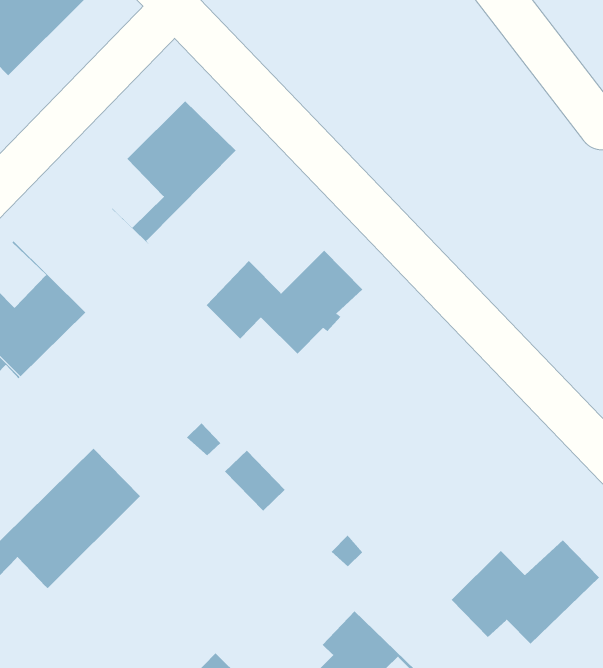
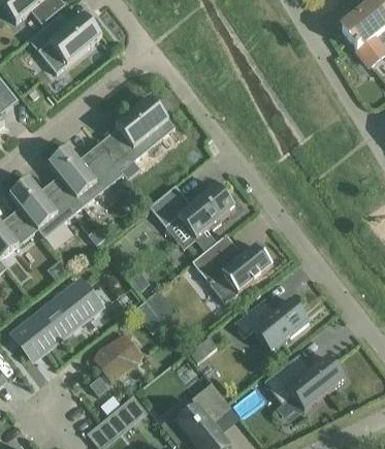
building: none -> [49,146,123,204]
building: none -> [192,242,272,302]
building: none -> [233,300,309,354]
building: none -> [93,332,142,380]

